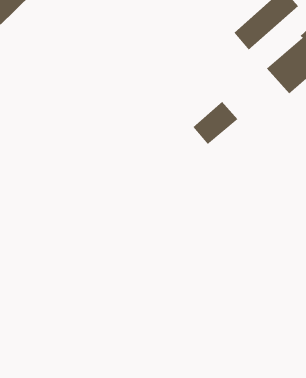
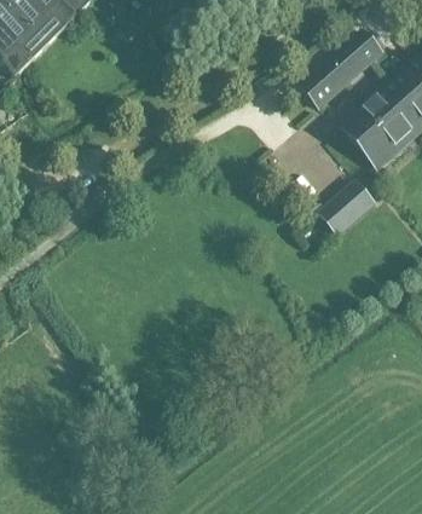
building: [193,101,238,145] -> [323,183,378,236]

